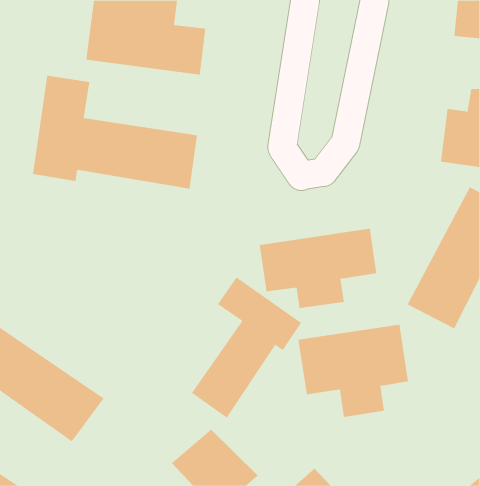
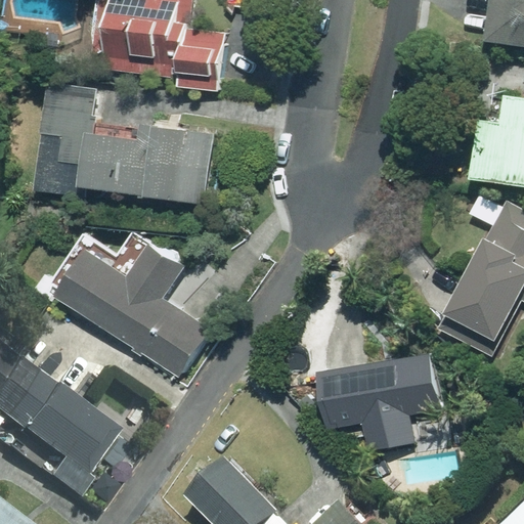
building: none -> [55,243,211,379]
building: [259,228,377,309] -> none
building: [191,277,302,418] -> none

